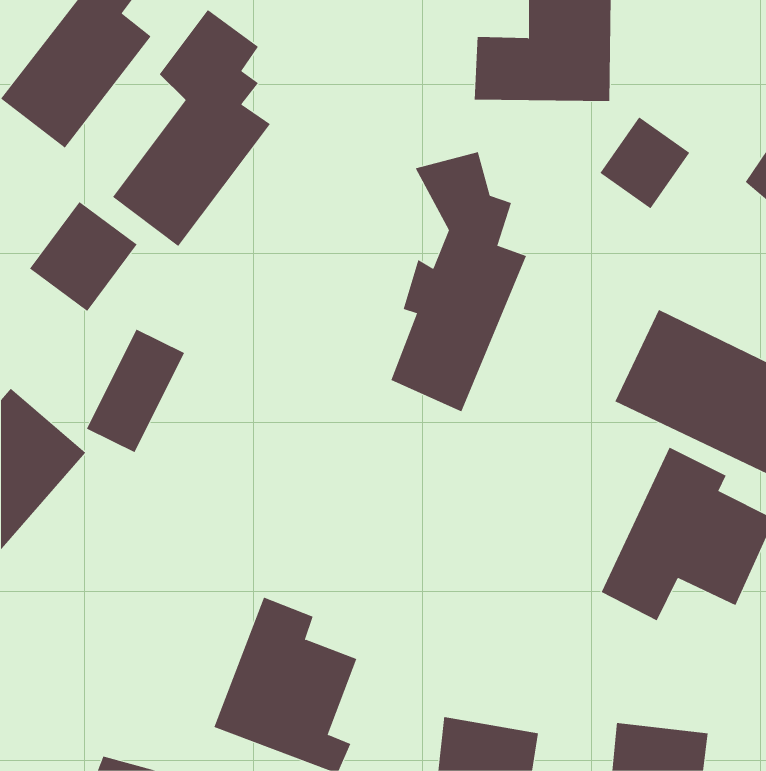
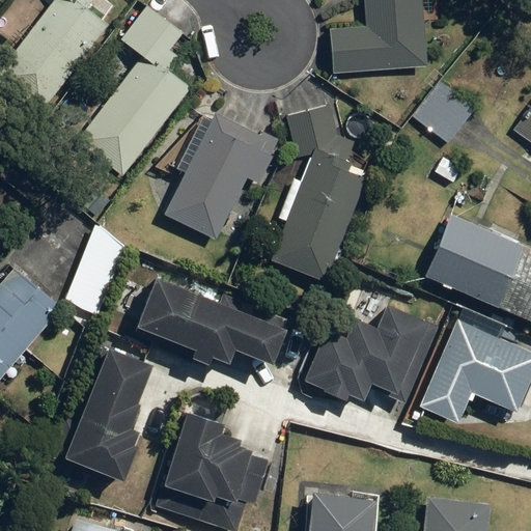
building: none -> [167,114,274,239]
building: [29,201,138,312] -> none
building: none -> [120,275,283,367]
building: none -> [304,307,425,402]
building: none -> [51,340,148,481]

